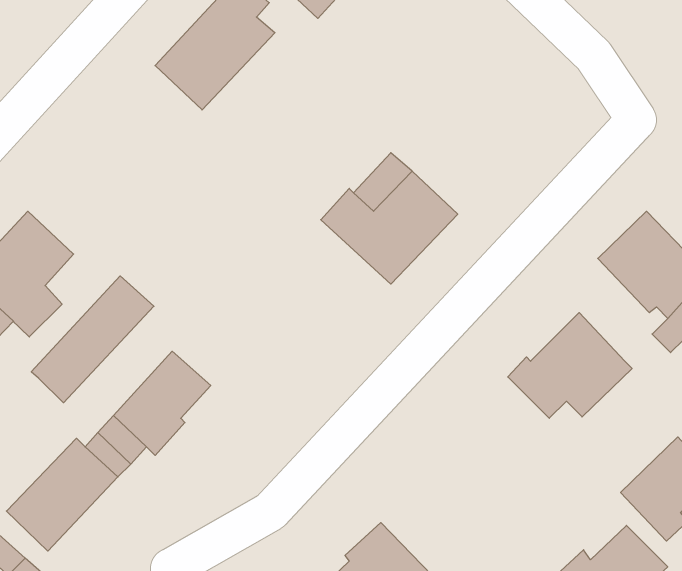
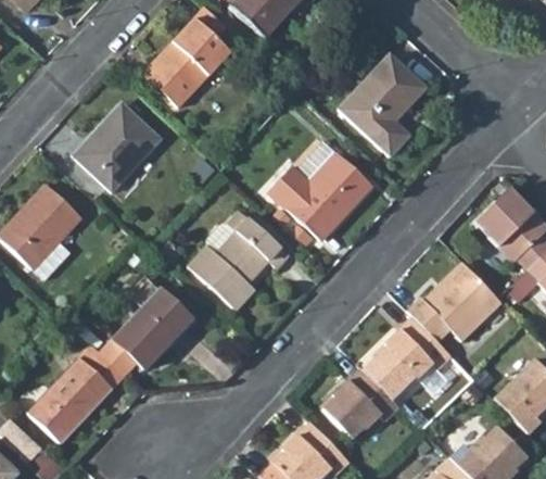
building: none -> [340,55,428,159]
building: none -> [73,103,162,190]
building: none -> [185,213,289,312]
building: [31,276,154,403] -> none
building: none -> [379,315,453,385]
building: none -> [328,367,399,437]

